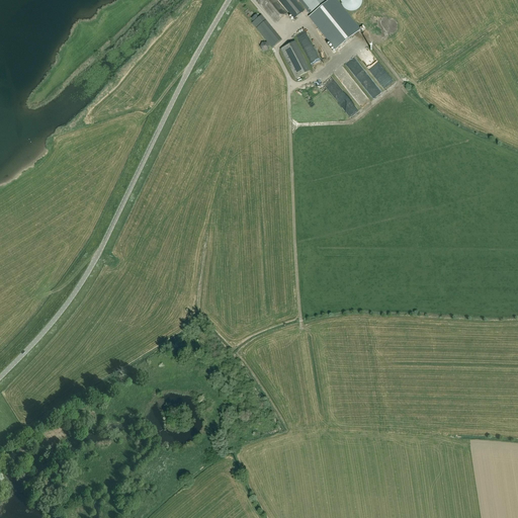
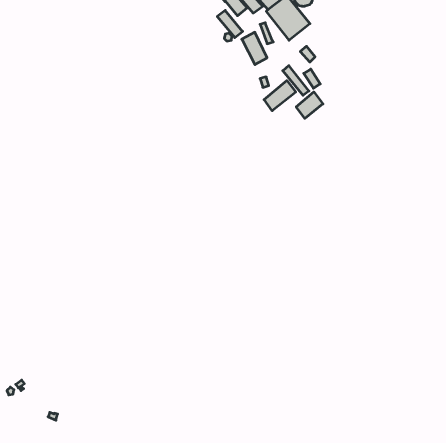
building: none -> [264,81,296,111]
building: none -> [296,92,323,118]

